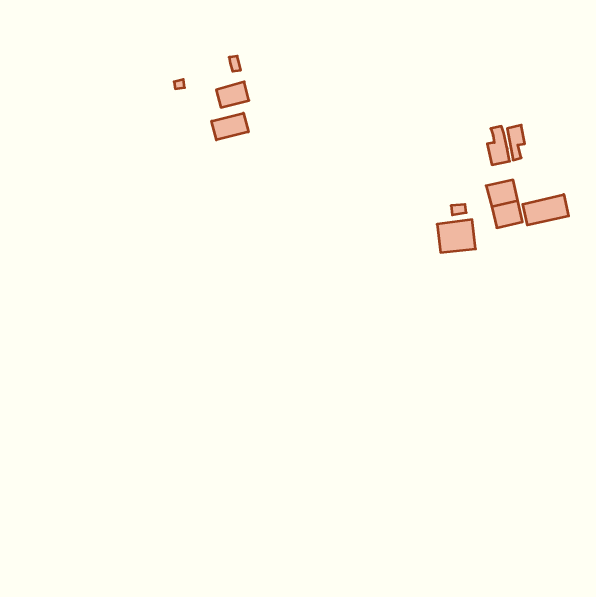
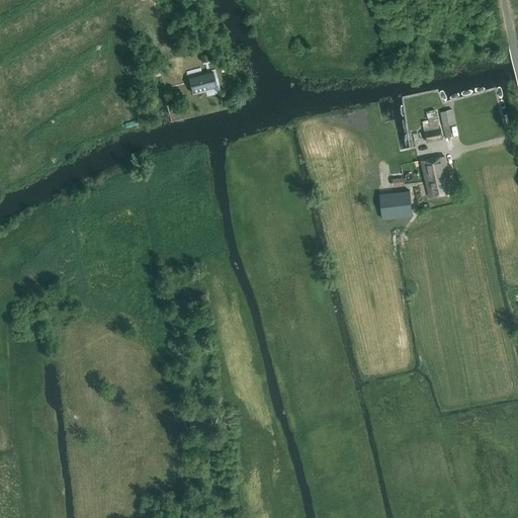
building: [212,113,248,140] -> none
building: [523,194,569,225] -> none

